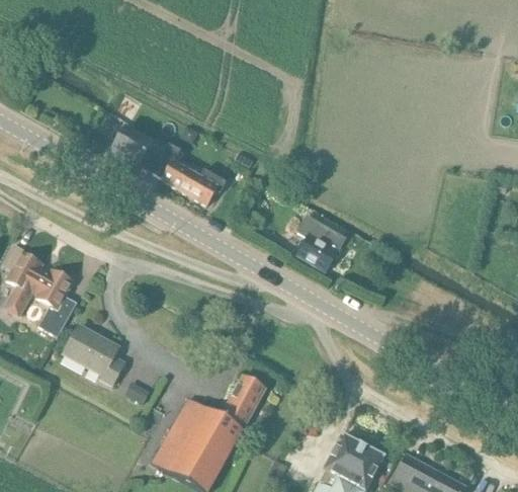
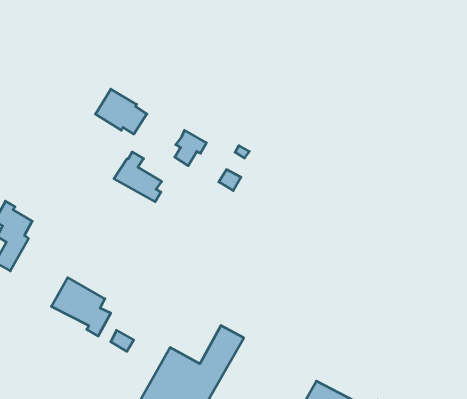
building: [150,144,200,196] -> [114,152,162,202]
building: [296,215,346,271] -> none
building: [36,269,77,336] -> none

